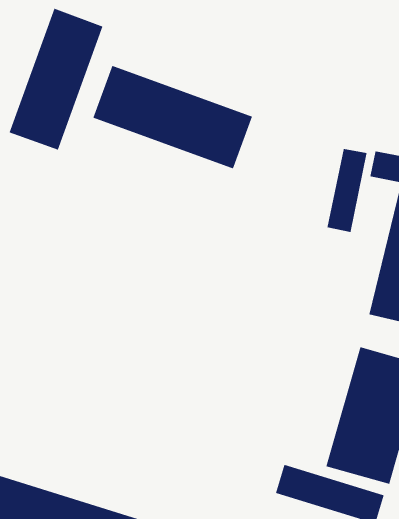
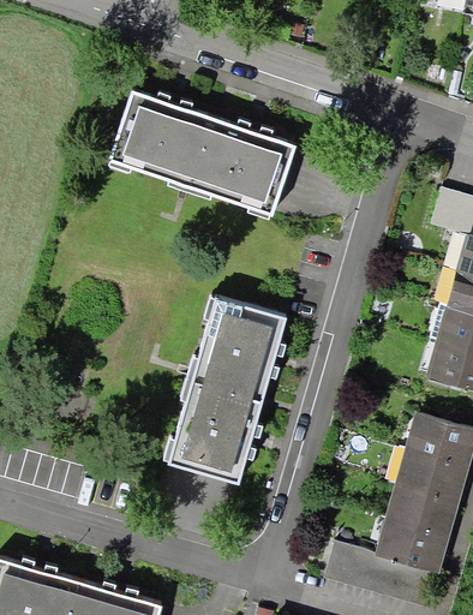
building: [9,8,103,150] -> none
building: [327,148,367,233] -> none
building: none -> [176,299,291,486]

